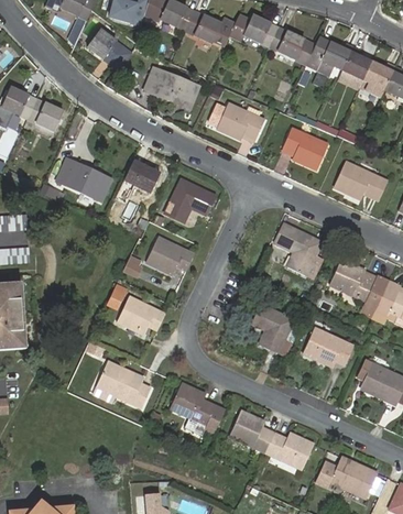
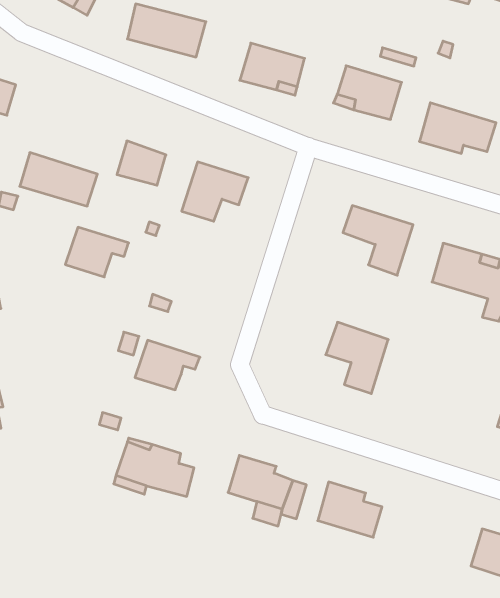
building: [148,238,193,274] -> [65,227,129,277]
building: [303,328,353,367] -> none
building: [265,433,314,469] -> none

